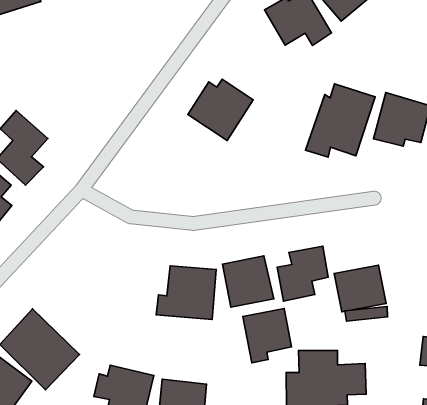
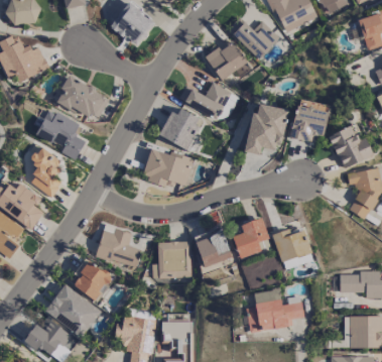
building: none -> [56,75,110,121]
building: none -> [179,82,231,119]
building: none -> [36,109,85,159]
building: none -> [142,146,194,188]
building: none -> [96,225,141,272]
building: none -> [74,259,111,299]
building: [243,309,291,363] -> none

